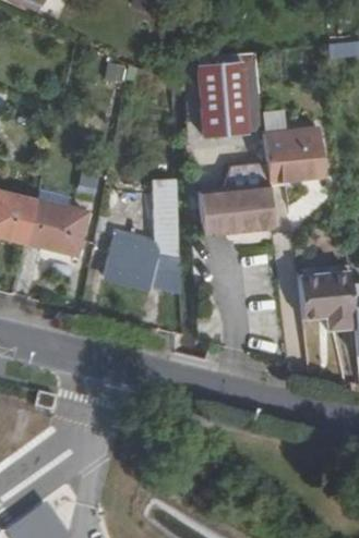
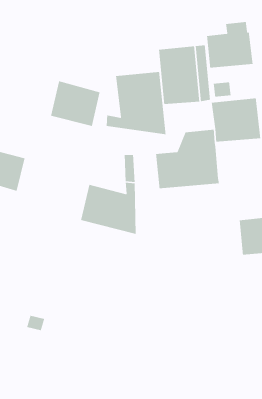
building: none -> [206,21,254,68]
building: none -> [106,71,167,135]
building: [27,197,88,254] -> [50,80,100,127]

